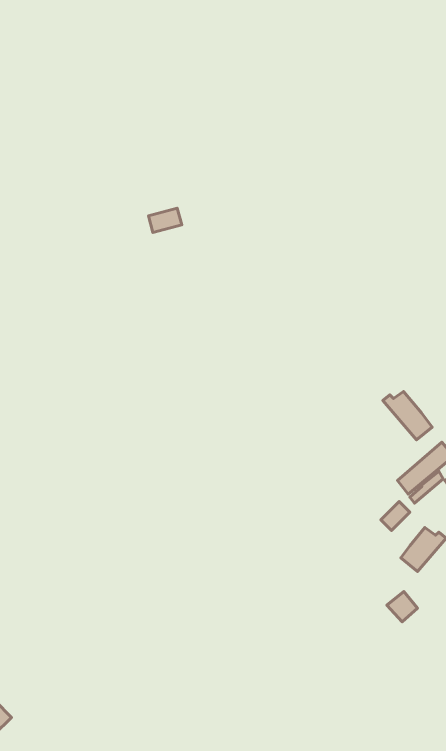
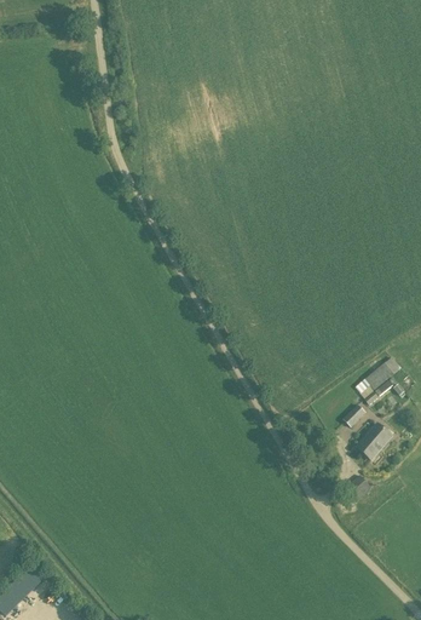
building: [383,391,432,440] -> none

